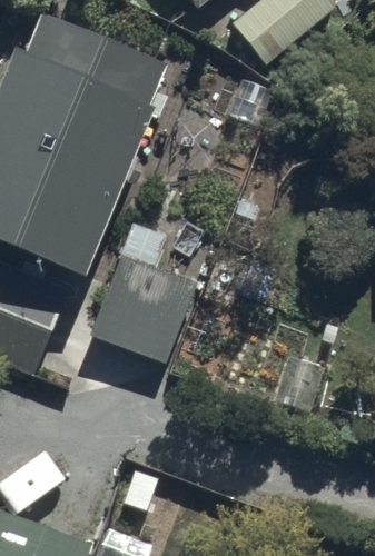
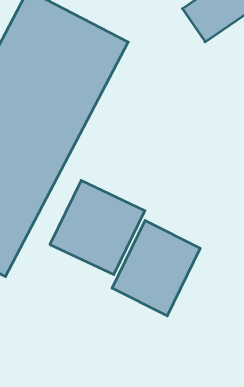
building: none -> [112,220,200,316]

